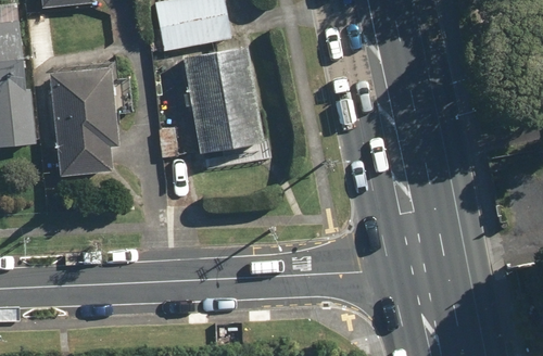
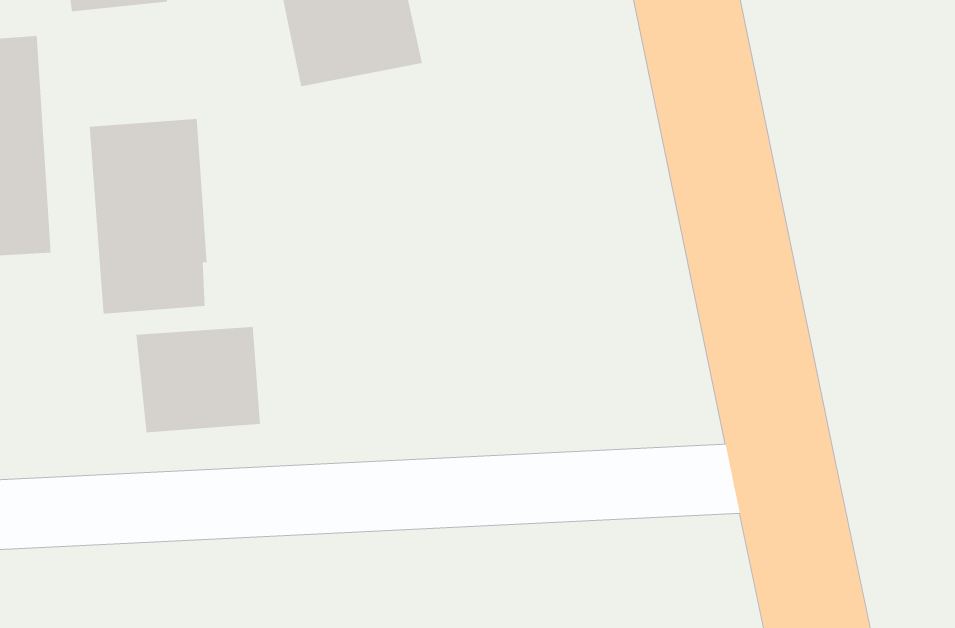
building: [184,49,260,152] -> none
building: none -> [136,326,260,433]

